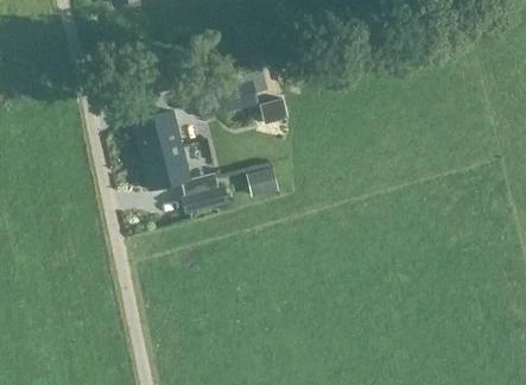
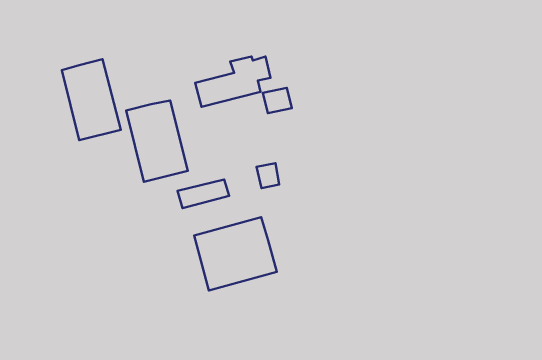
building: none -> [62,59,121,140]
building: none -> [194,217,277,291]

